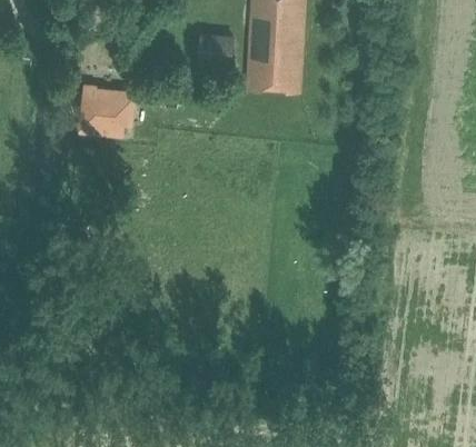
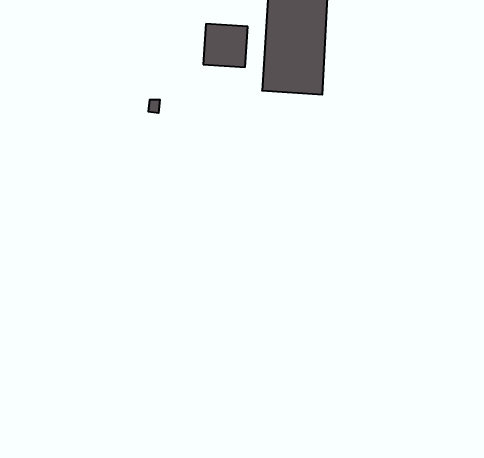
building: [78,83,137,138] -> none

